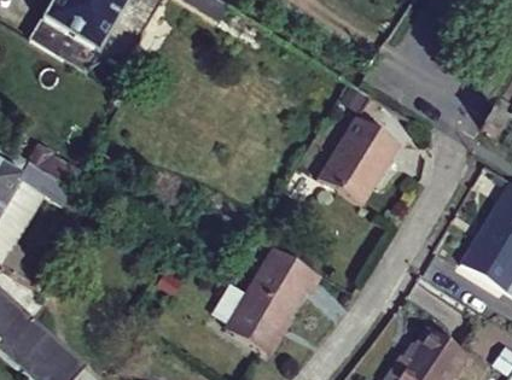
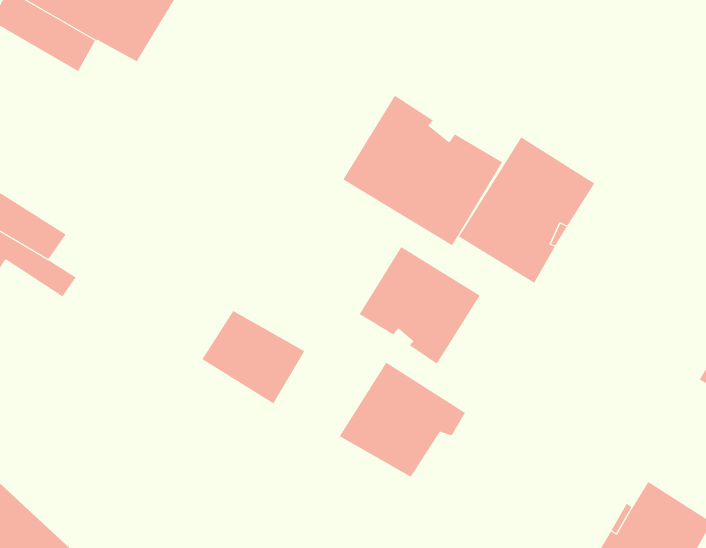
building: none -> [342,95,503,246]
building: none -> [359,246,481,365]
building: [225,293,289,351] -> [201,310,305,404]

